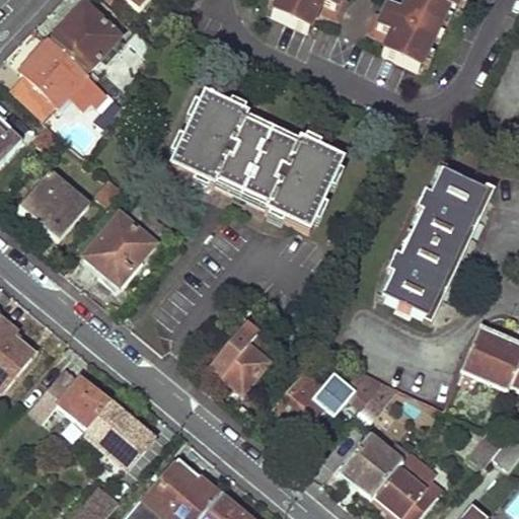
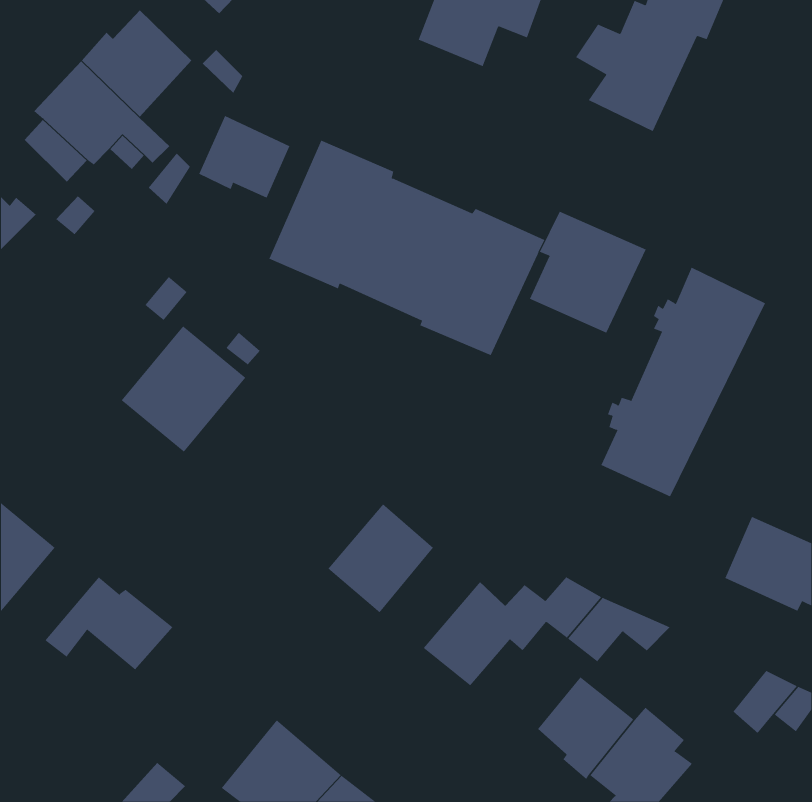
building: none -> [199,115,290,199]
building: none -> [529,211,647,333]
building: [16,167,88,239] -> none
building: [74,400,153,466] -> none

